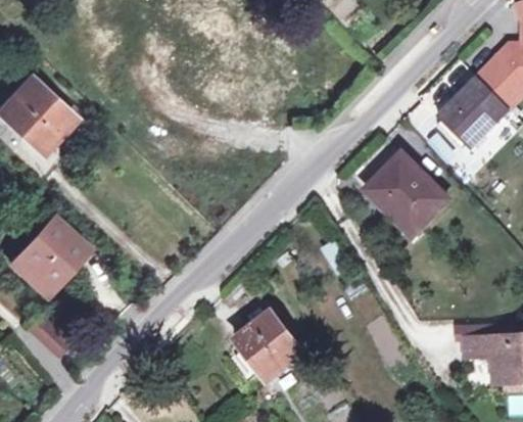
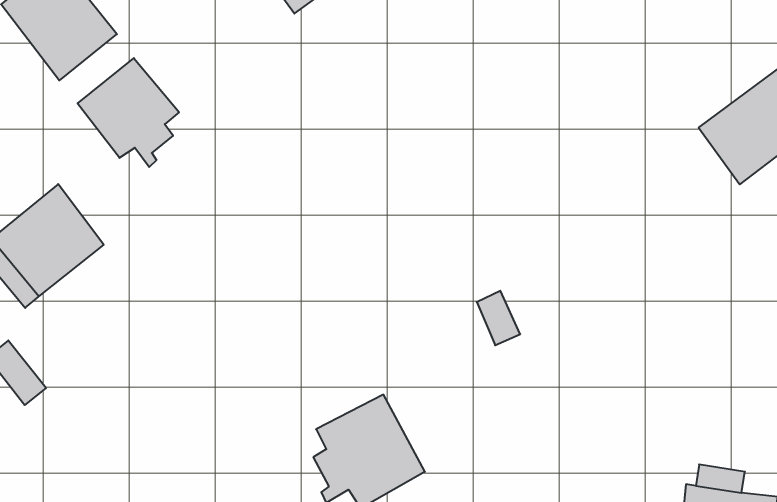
building: none -> [78,58,179,167]
building: [366,154,448,235] -> none

